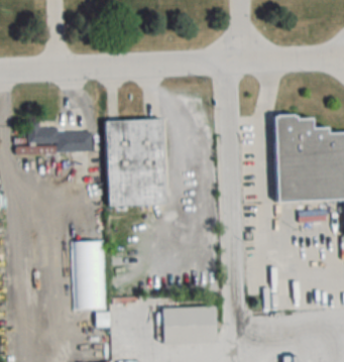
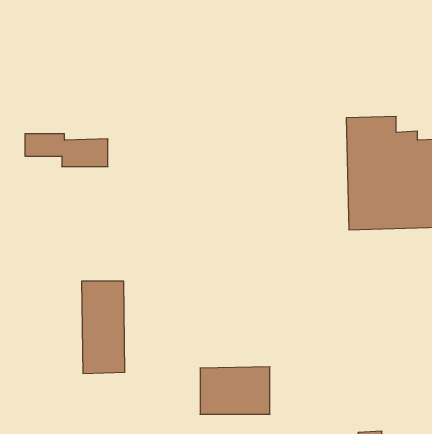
building: [106,118,165,206] -> none

